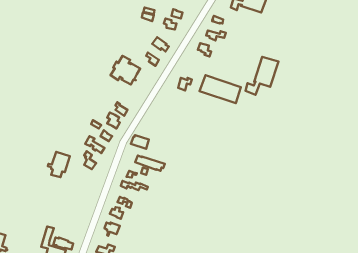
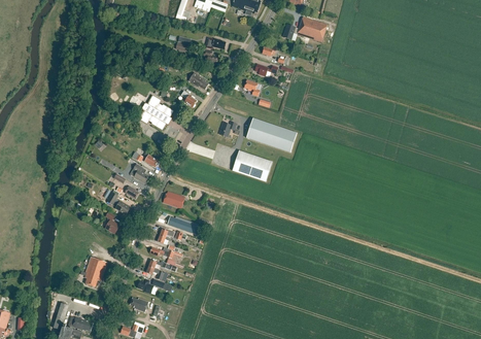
building: [246,57,278,95] -> none
building: none -> [232,150,272,181]
building: [48,152,70,177] -> [80,257,107,287]

